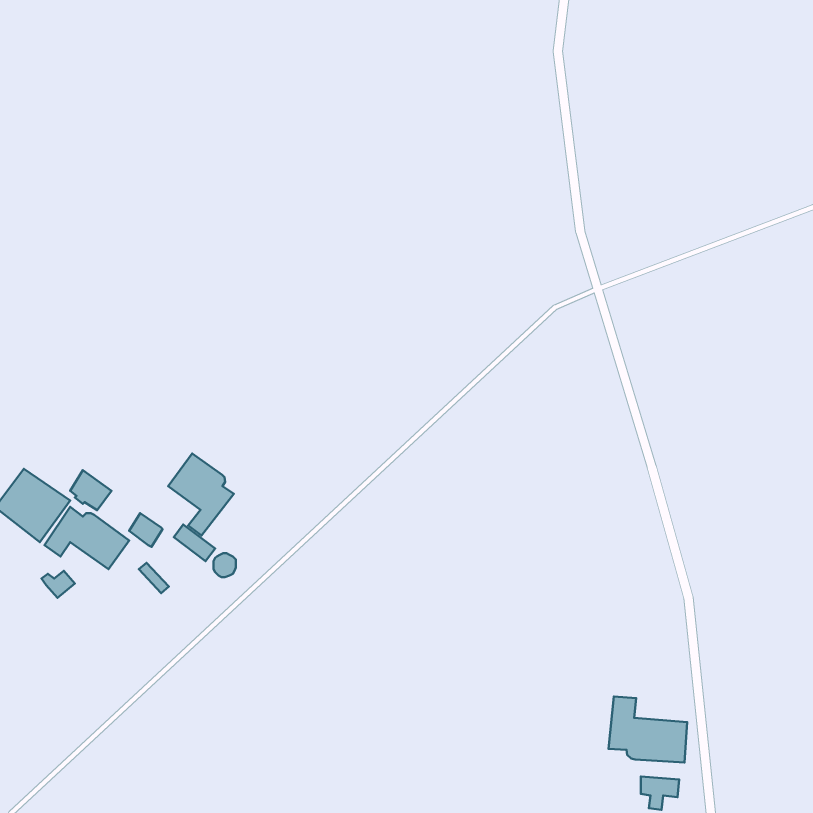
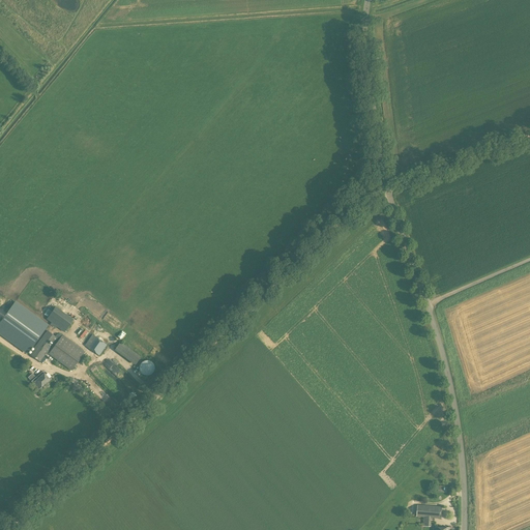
building: [168,453,234,535] -> none
building: [608,696,687,763] -> none

